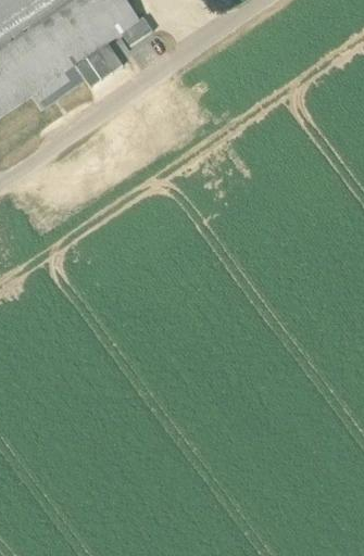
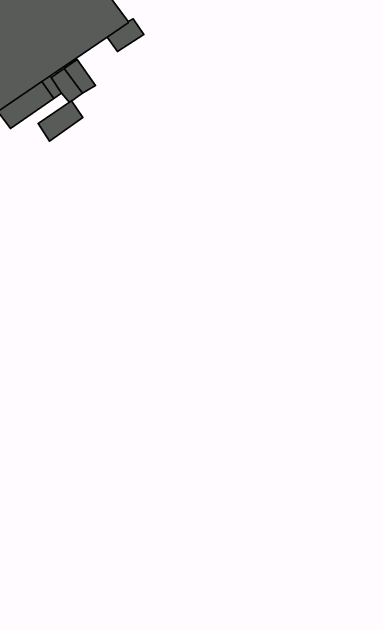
building: none -> [38,101,83,141]

